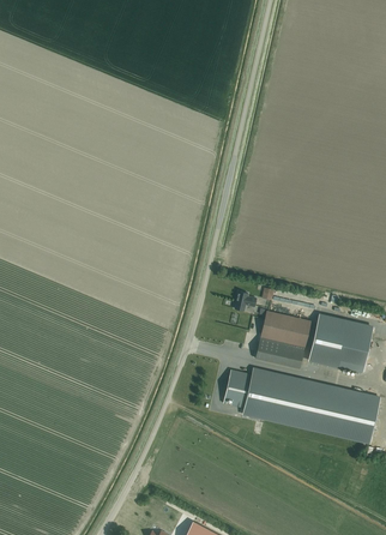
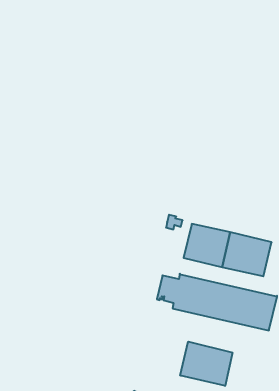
building: none -> [180,342,232,386]

